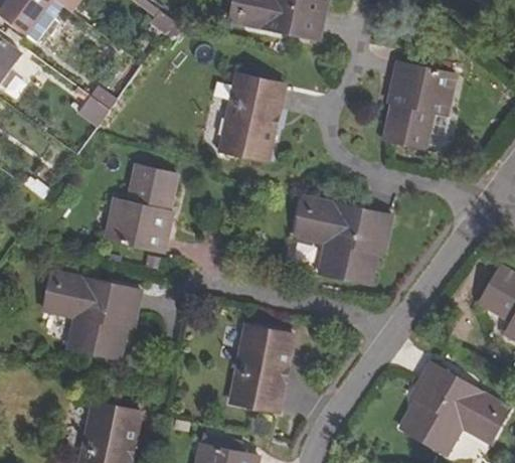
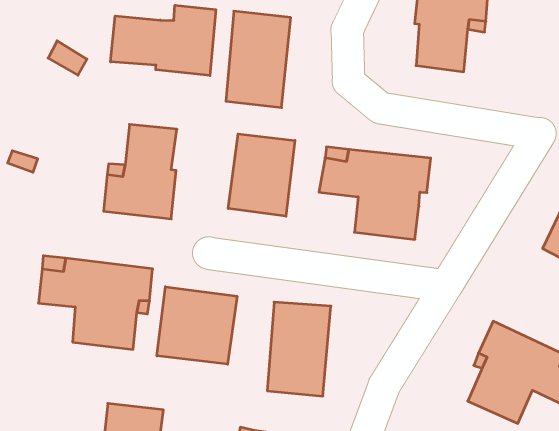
building: none -> [111,5,216,76]
building: none -> [228,134,295,216]
building: none -> [157,287,237,364]

